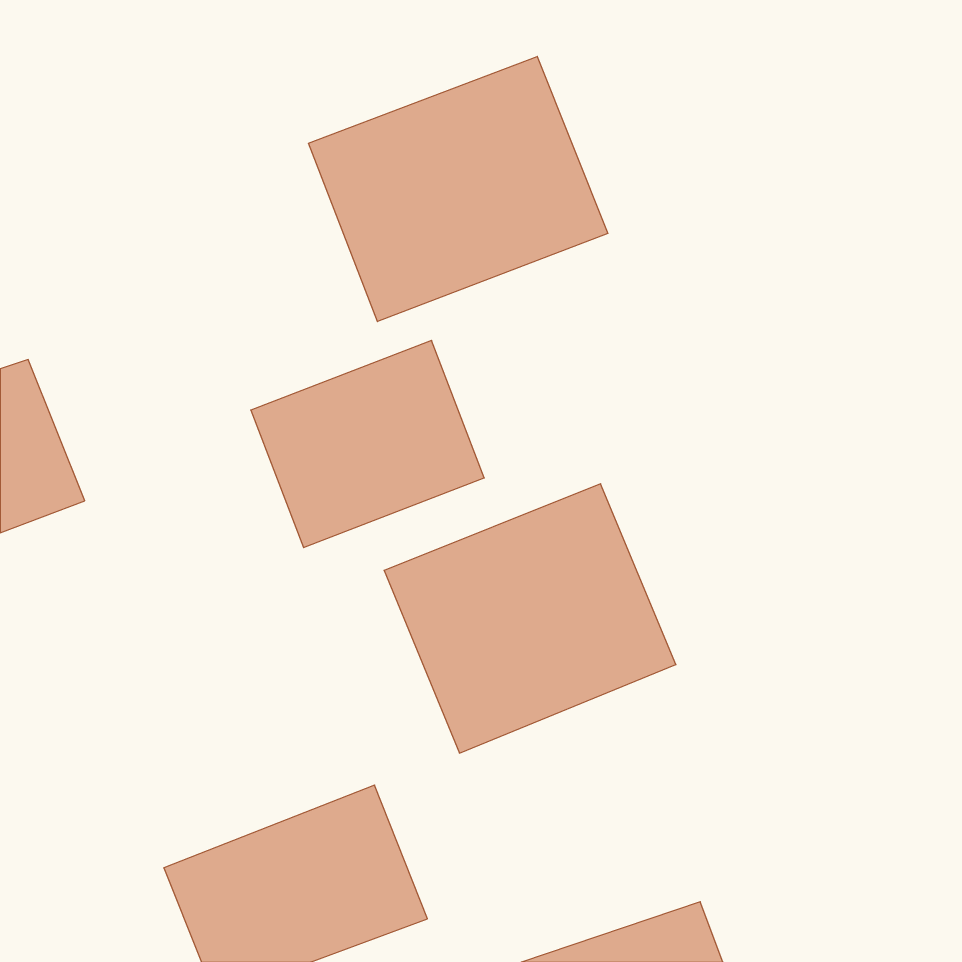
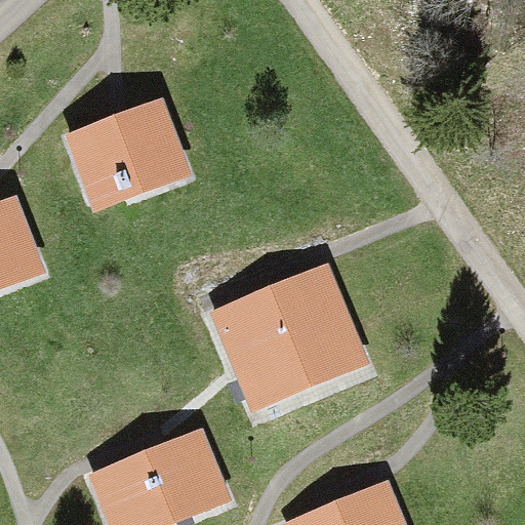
building: [309,56,608,322] -> none
building: [251,340,484,548] -> [64,97,191,210]

